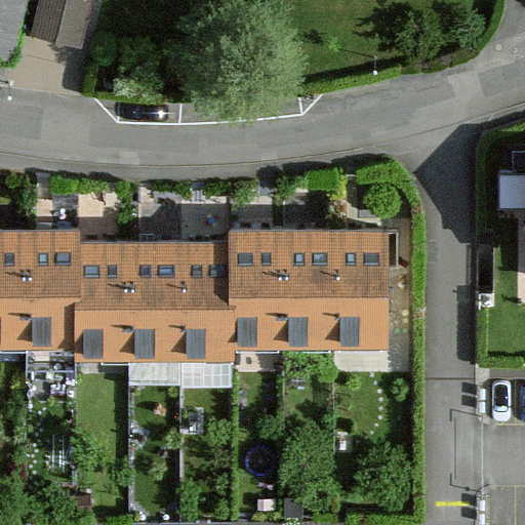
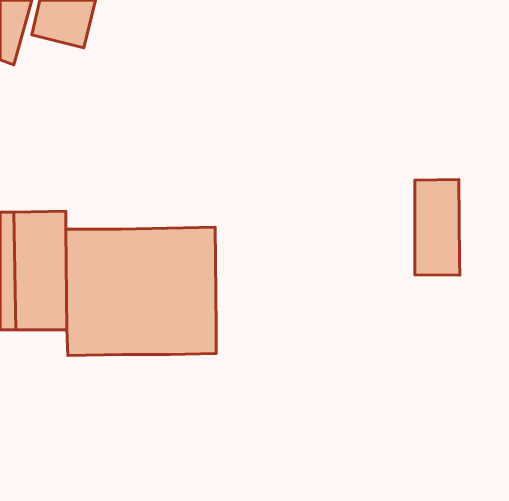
building: none -> [415,179,460,275]
building: [221,228,379,345] -> none

